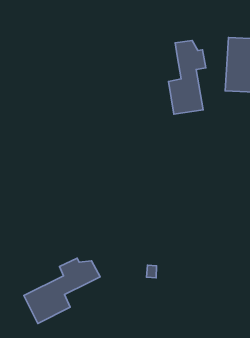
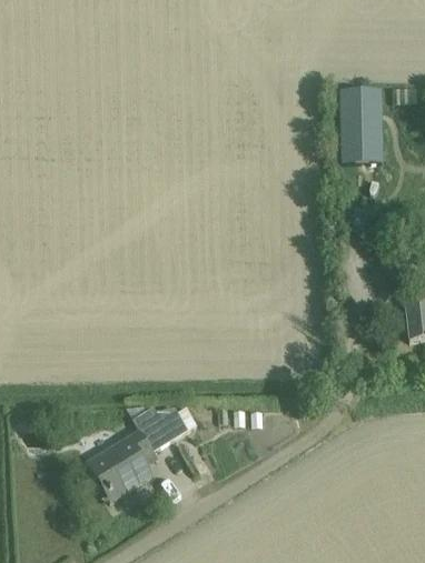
building: [168,41,206,114] -> none

